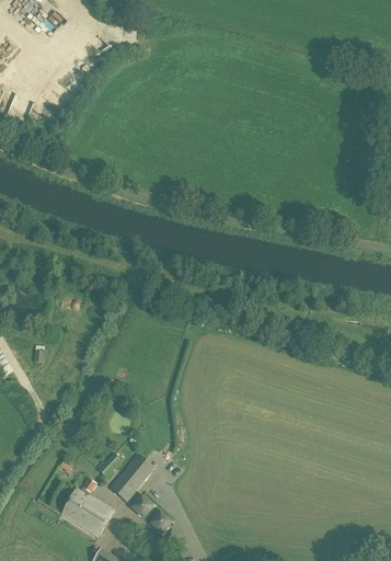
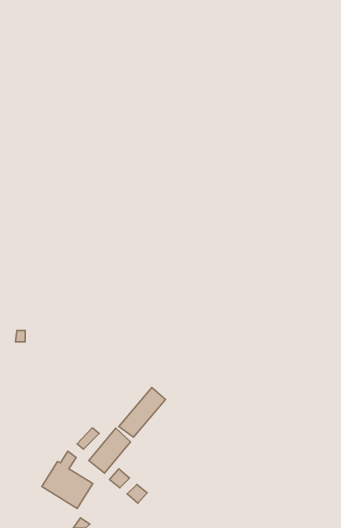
building: none -> [119,387,165,437]

